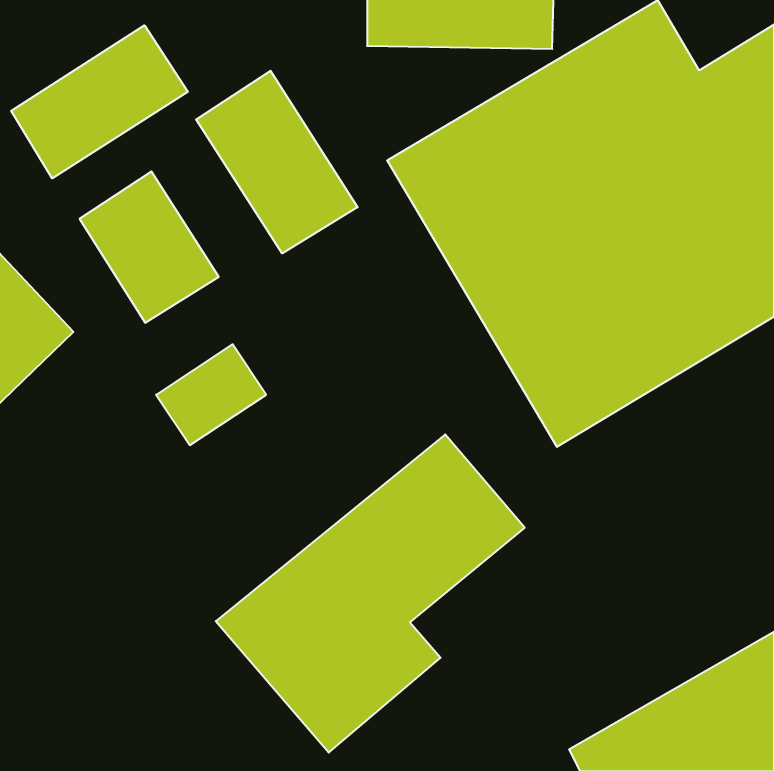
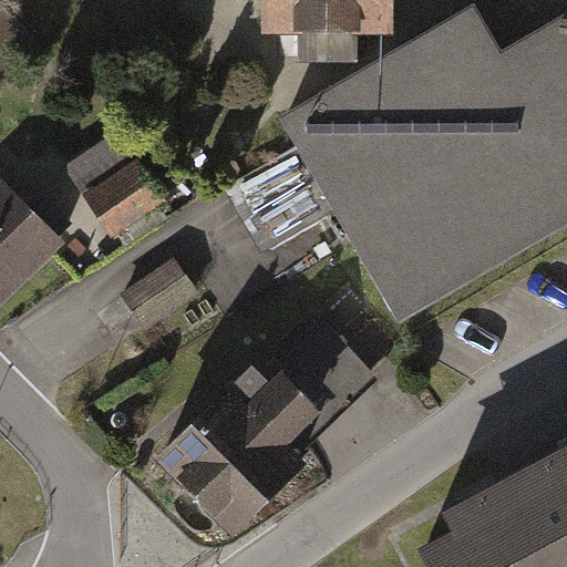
building: [11,25,188,178] -> none
building: [196,71,358,253] -> none

